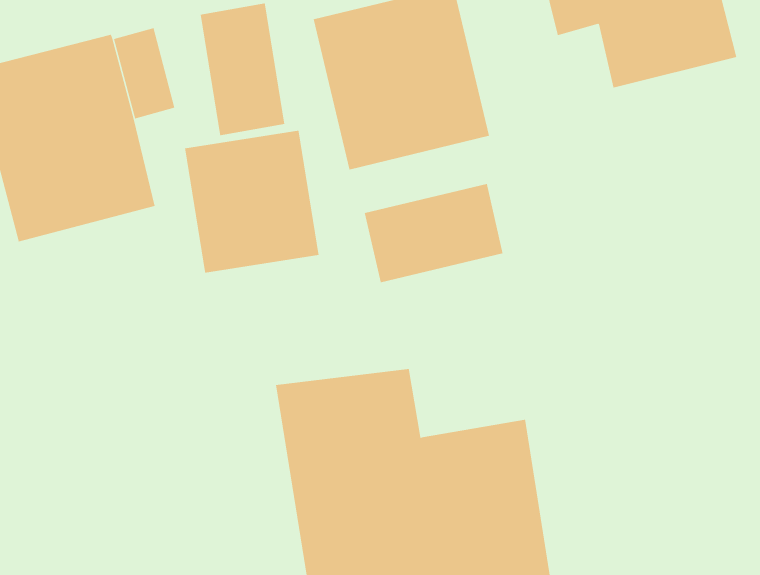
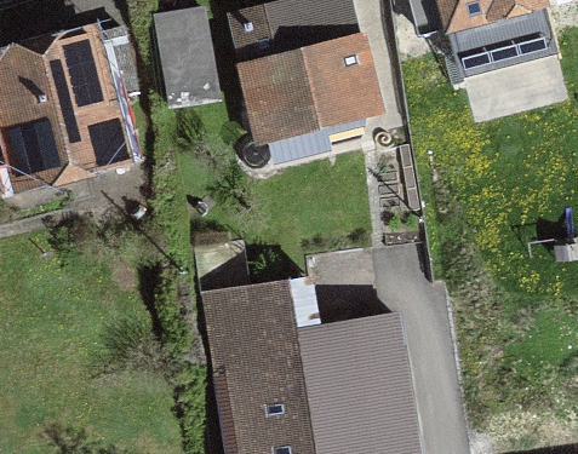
building: [185,130,319,274] -> none
building: [364,183,503,283] -> none

